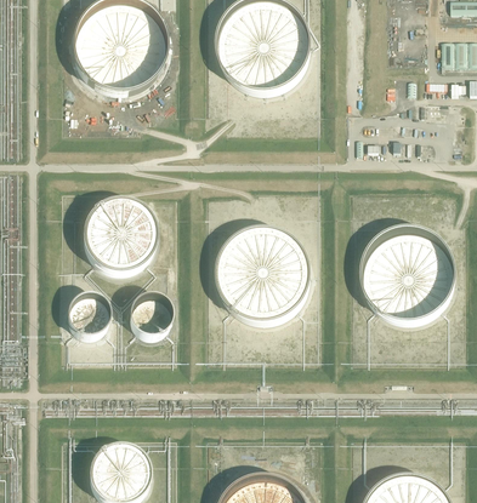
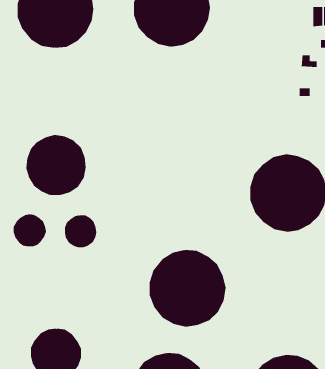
building: [214,233,311,330] -> [149,250,226,327]

